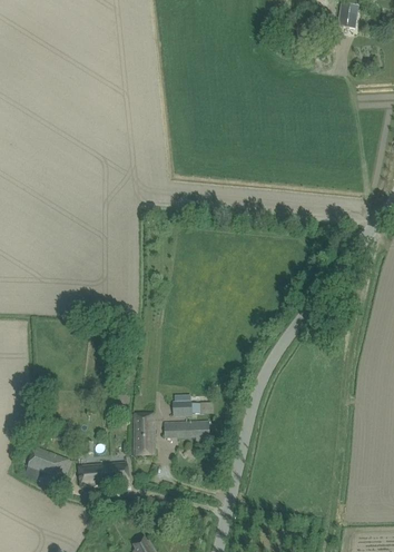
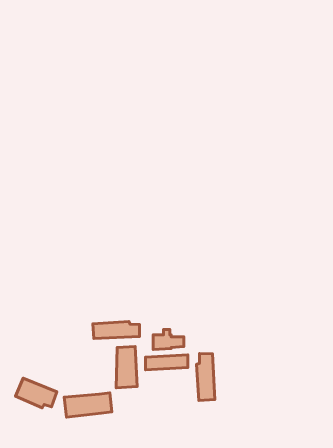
building: none -> [93,322,140,339]
building: none -> [196,354,215,401]

